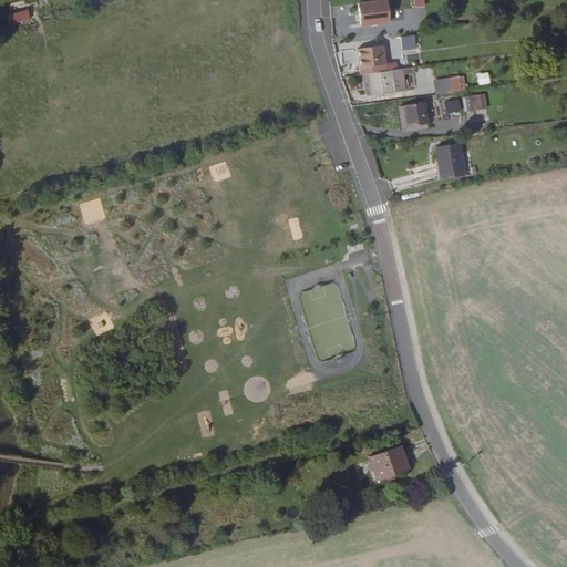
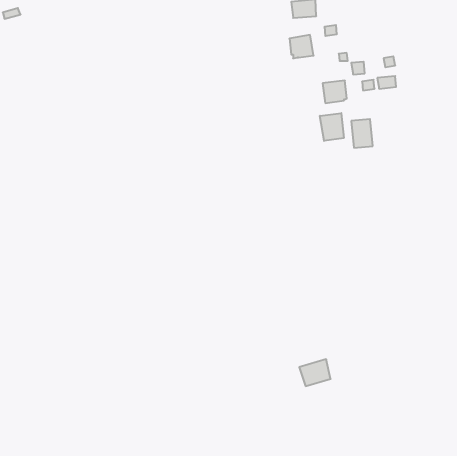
building: [369,68,405,94] -> none
building: none -> [320,113,344,141]

